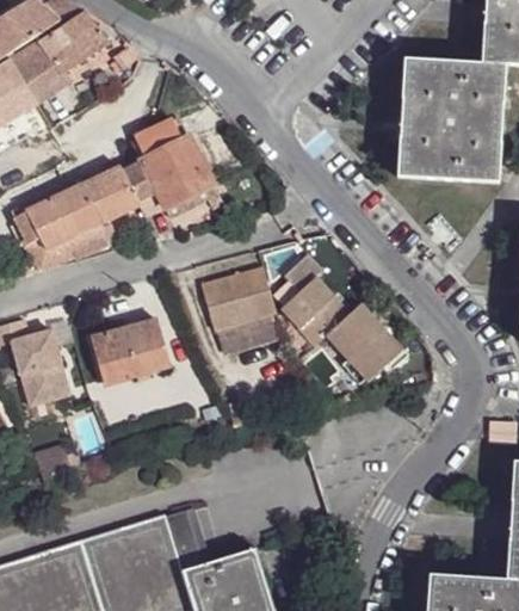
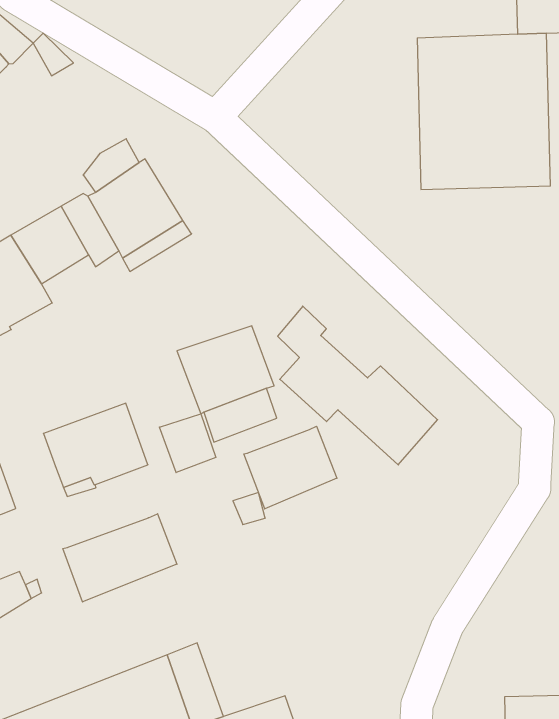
building: none -> [159,414,216,473]
building: none -> [244,426,337,509]
building: none -> [63,514,177,602]

